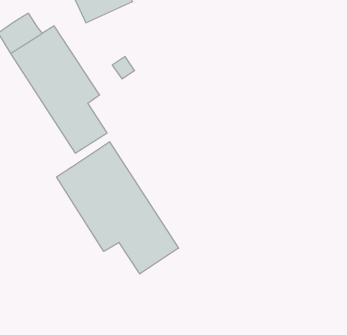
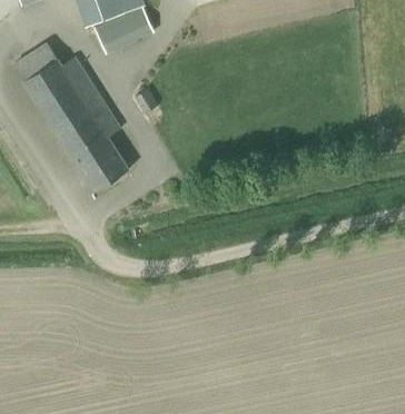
building: [57,142,179,274] -> none

